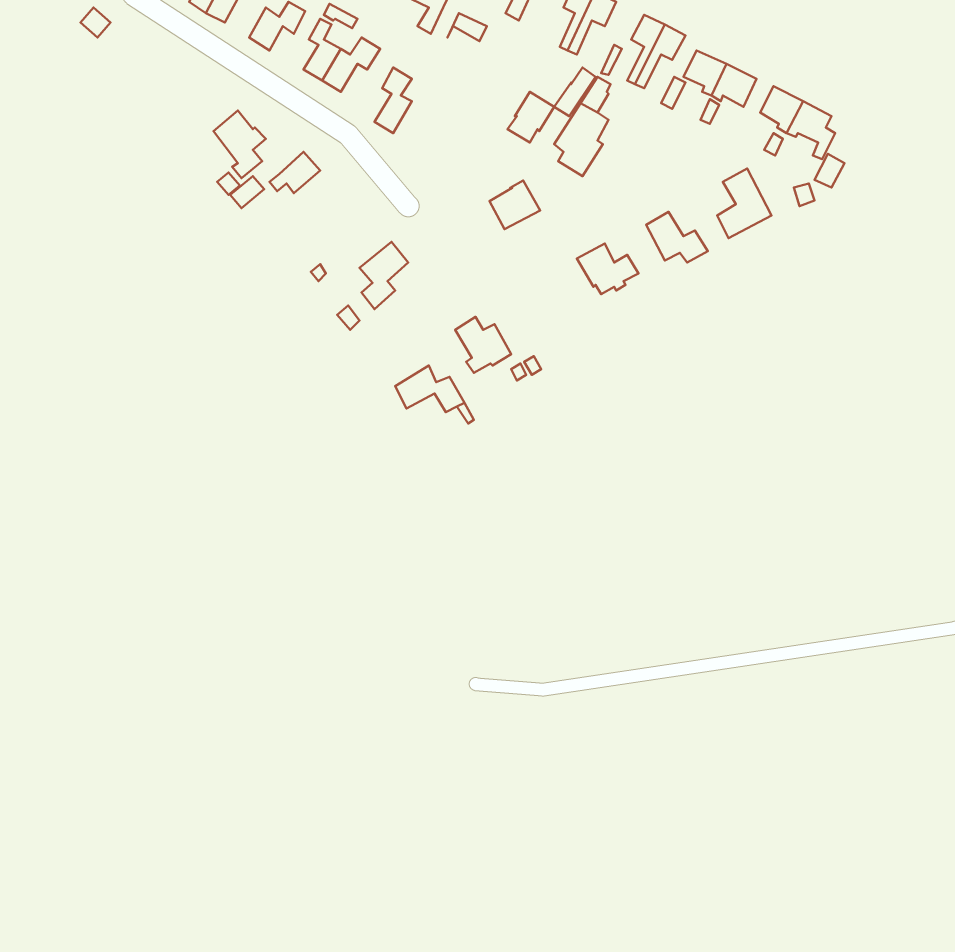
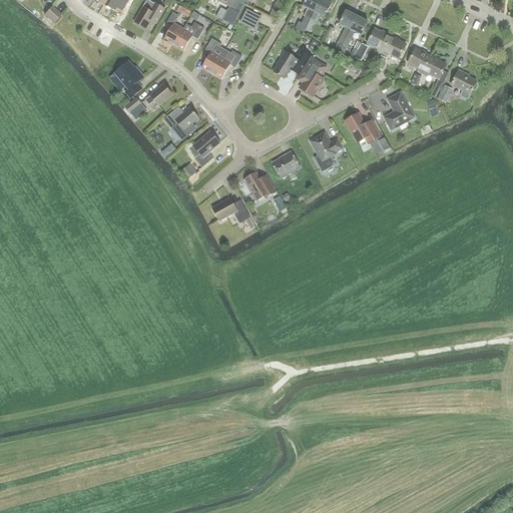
building: none -> [210,48,240,77]
building: none -> [450,68,476,96]
building: [490,180,540,229] -> [272,149,299,175]
building: none -> [162,105,197,133]

